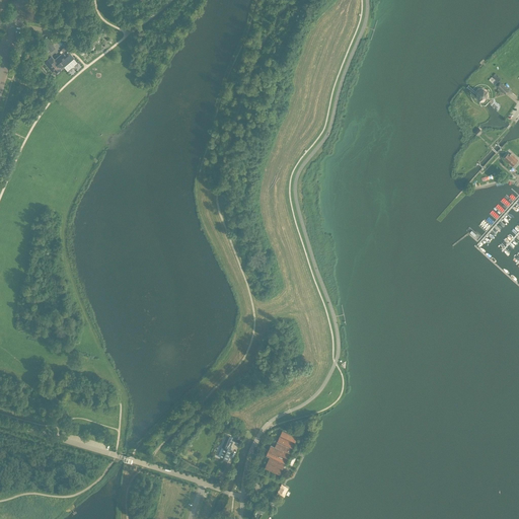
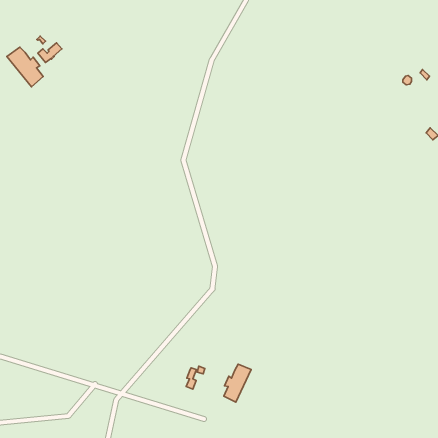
building: none -> [7,47,43,87]

